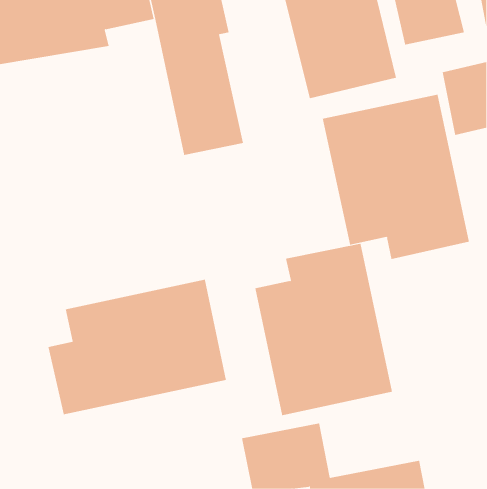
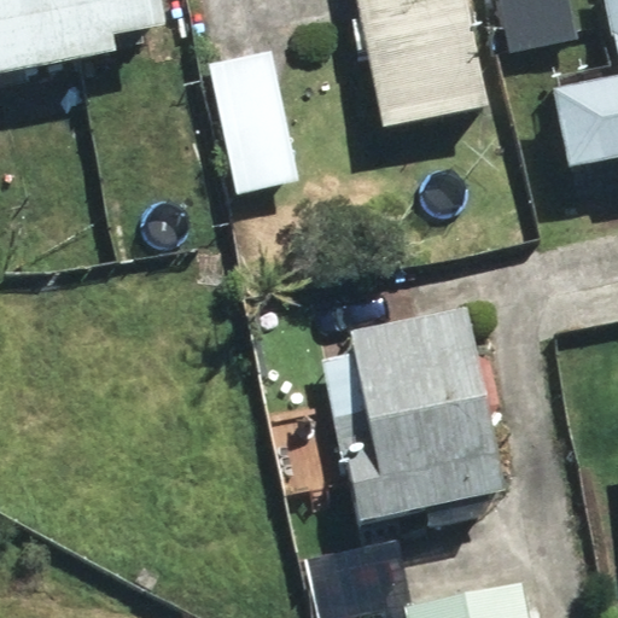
building: [322,94,469,260] -> none
building: [48,279,226,415] -> none

